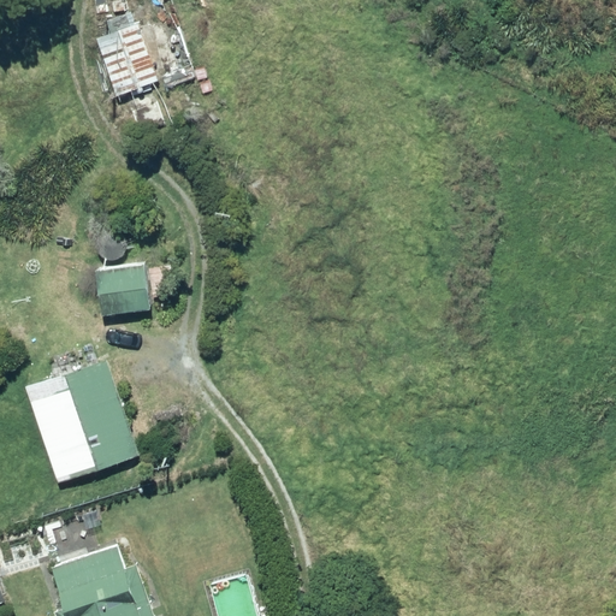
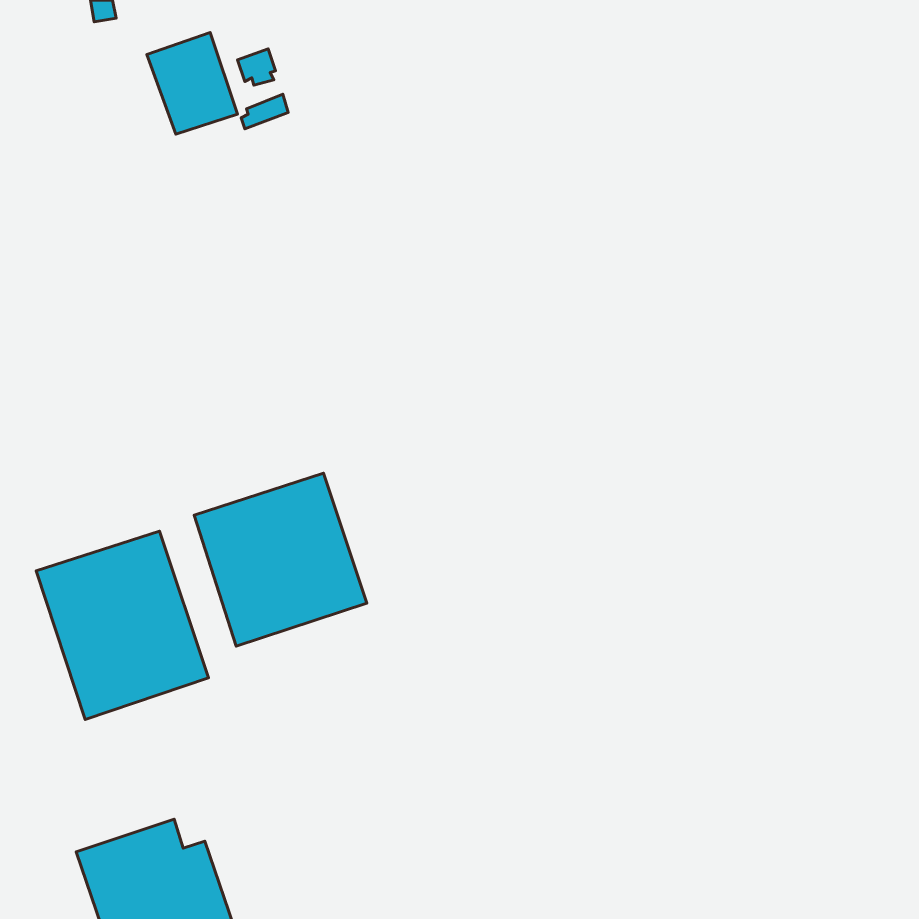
building: [97,262,152,315] -> none
building: none -> [194,473,367,646]

